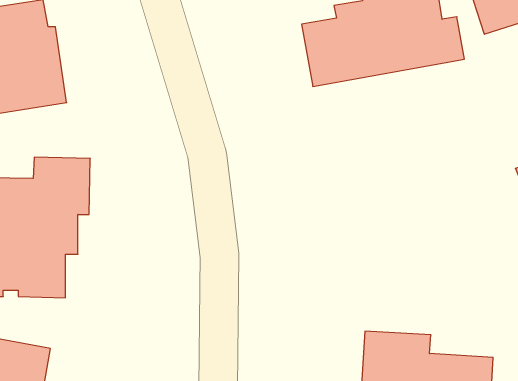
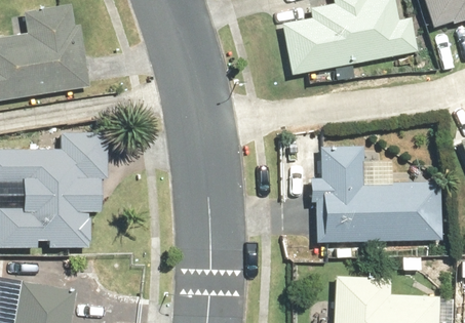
building: none -> [309,145,443,242]

